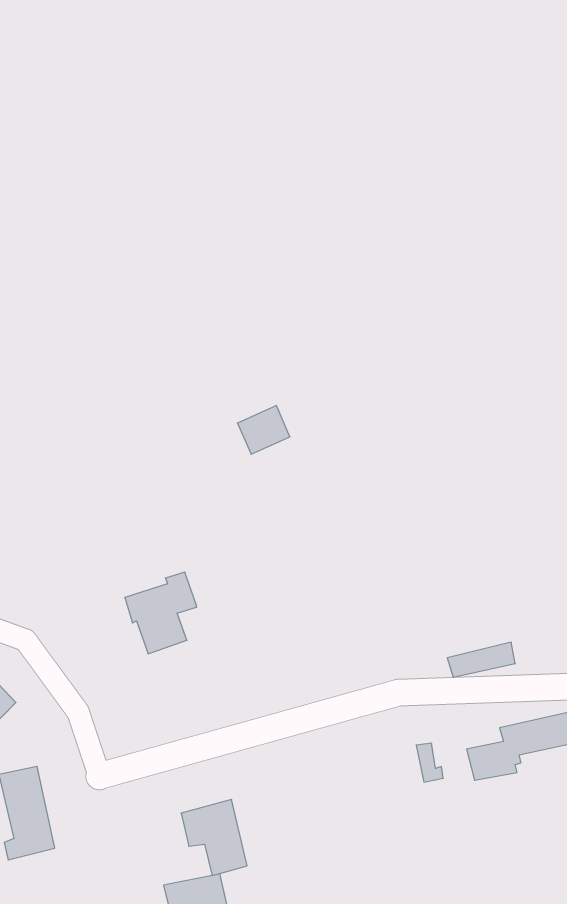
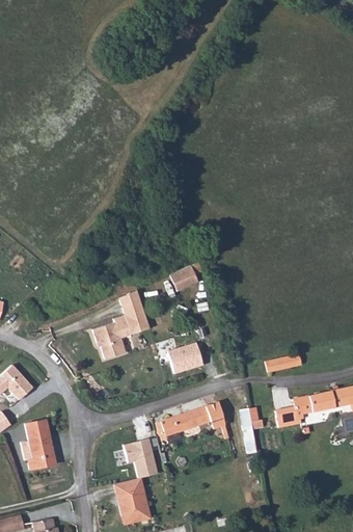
building: [237,406,290,454] -> [170,265,198,291]
building: none -> [118,290,150,334]
building: none -> [168,342,202,373]
building: none -> [157,402,228,441]

